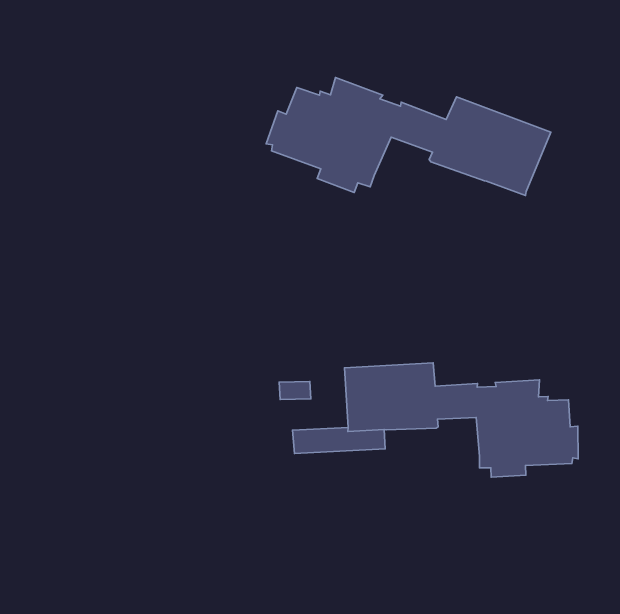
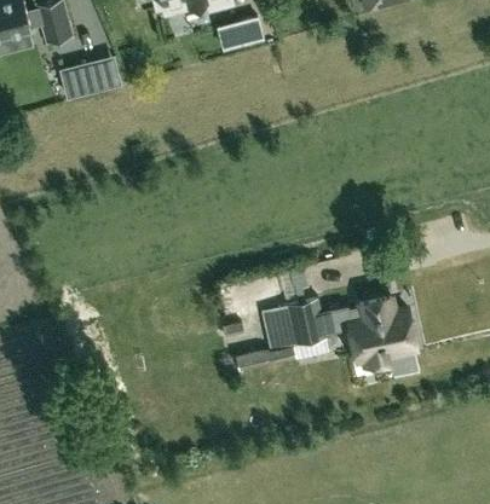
building: [266,77,551,196] -> none

